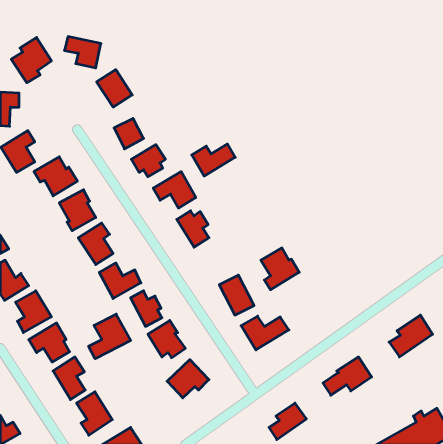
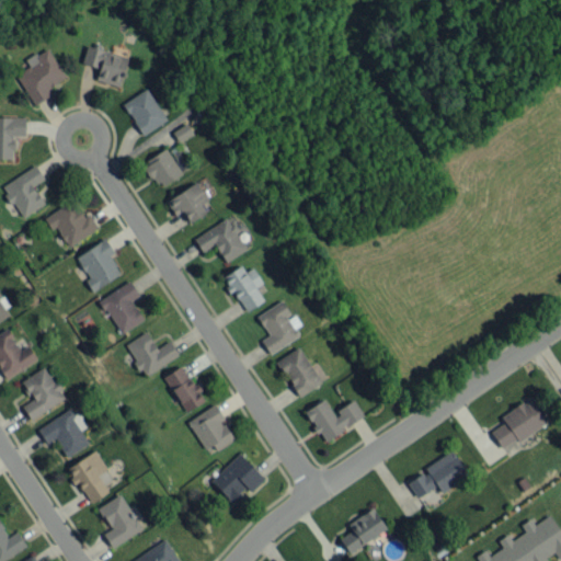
building: [192,144,235,176] -> none
building: [261,248,299,290] -> [257,300,306,353]
building: [89,314,131,359] -> none

